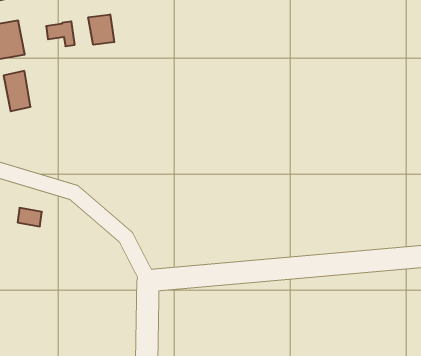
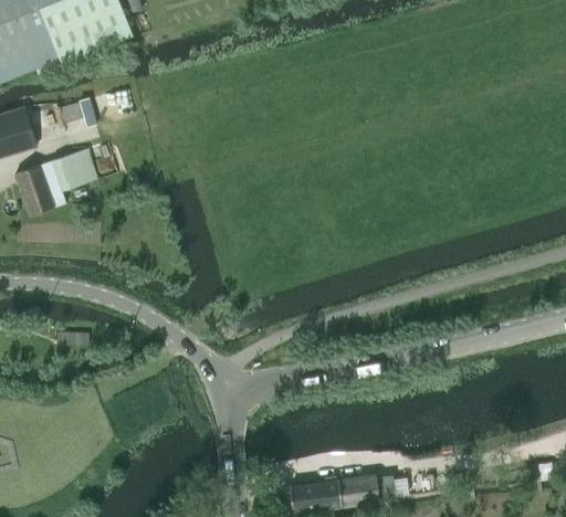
building: [88,14,114,45] -> none
building: none -> [53,149,97,191]

